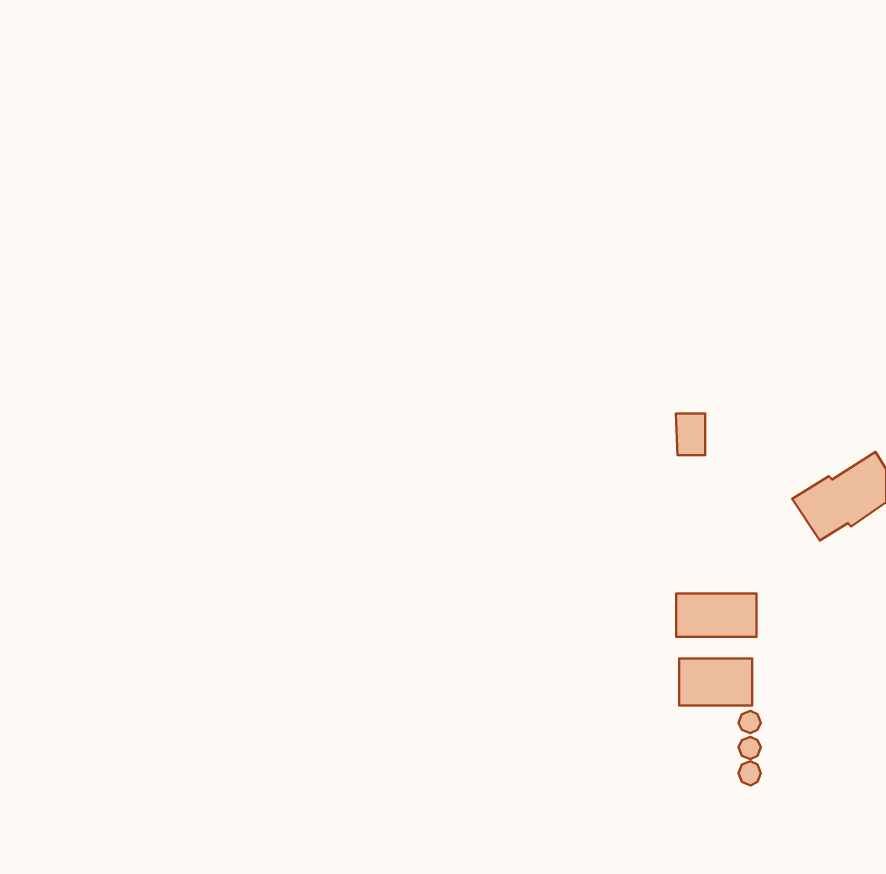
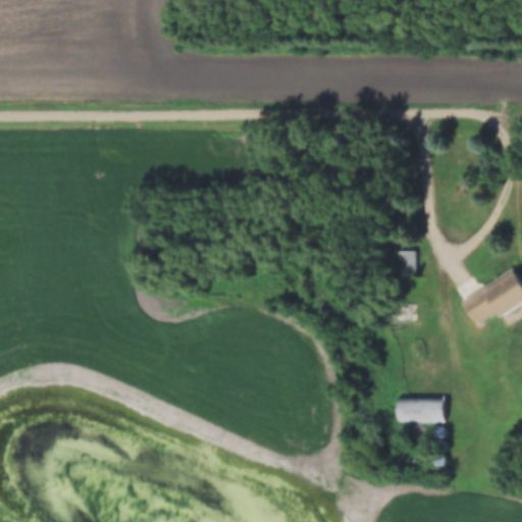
building: [676,593,757,637] -> none

